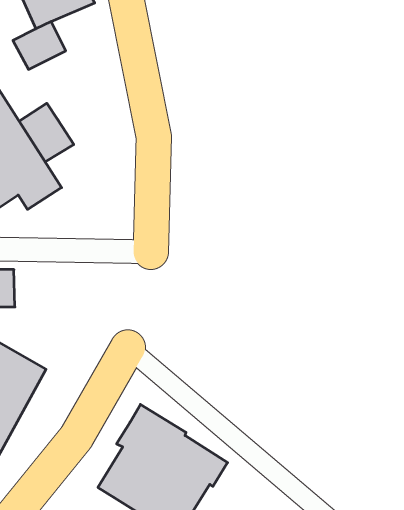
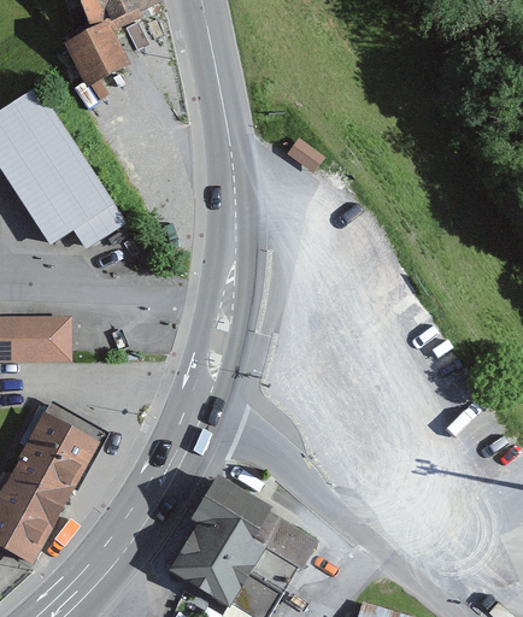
building: [19,103,74,162] -> none

